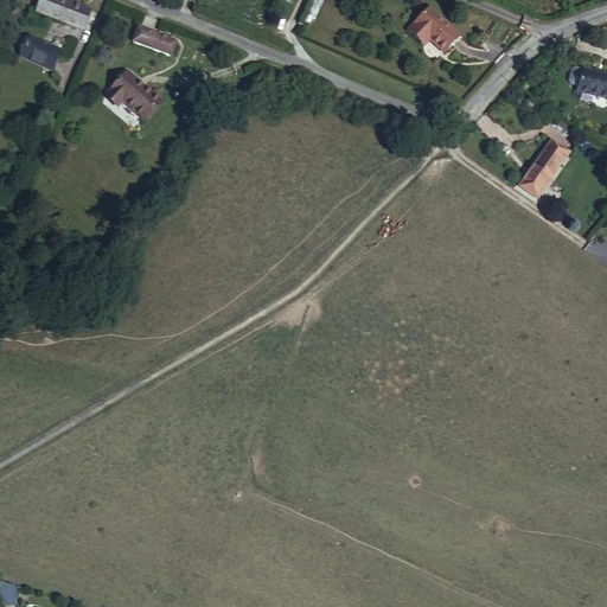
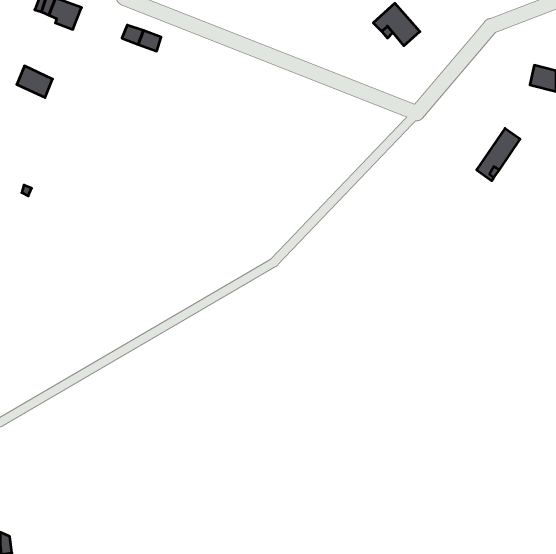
building: [21,36,60,70] -> [17,66,53,98]
building: [107,71,160,117] -> none

